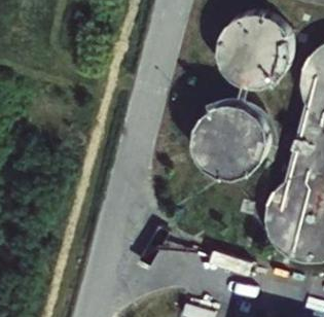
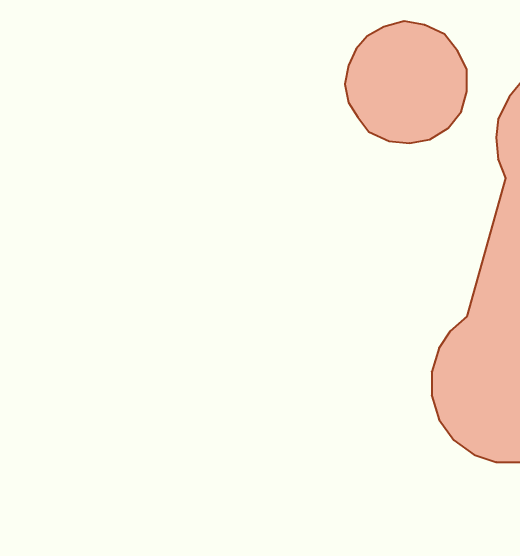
building: [192,106,260,174] -> none

